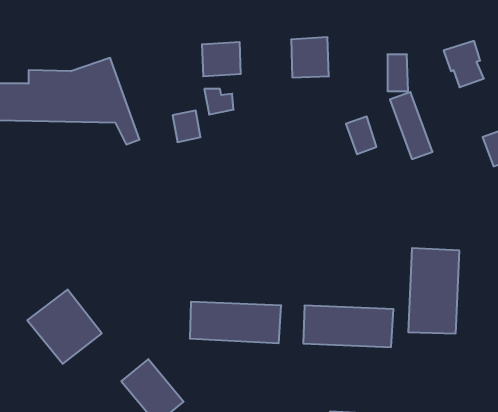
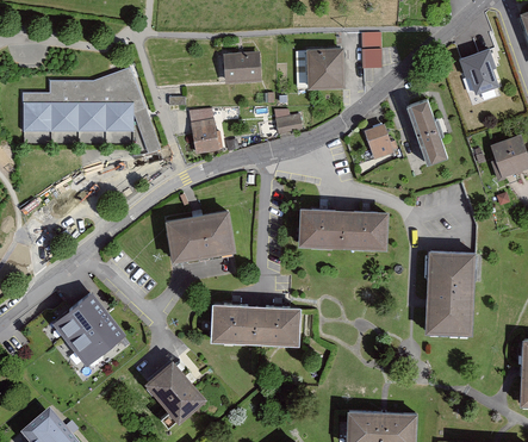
building: [387,54,408,91] -> [360,33,380,69]
building: [204,89,234,115] -> [272,110,300,135]
building: none -> [163,212,234,262]
building: [303,306,394,347] -> [298,210,386,250]

